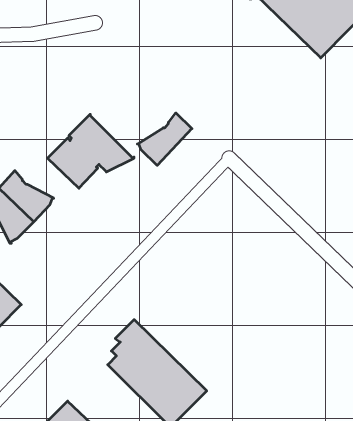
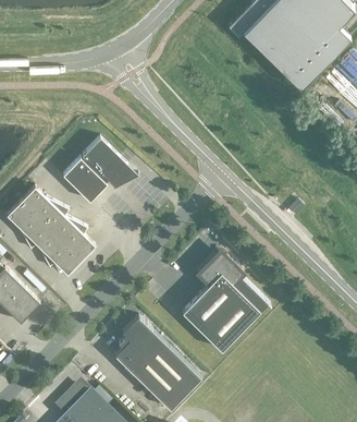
building: [137,113,192,165] -> none
building: none -> [36,215,94,274]
building: none -> [181,252,269,350]

